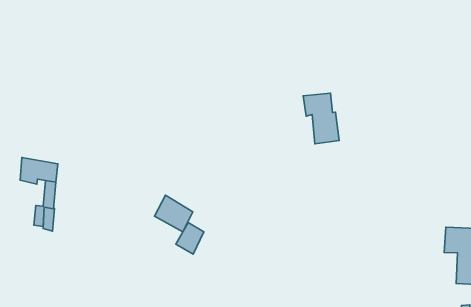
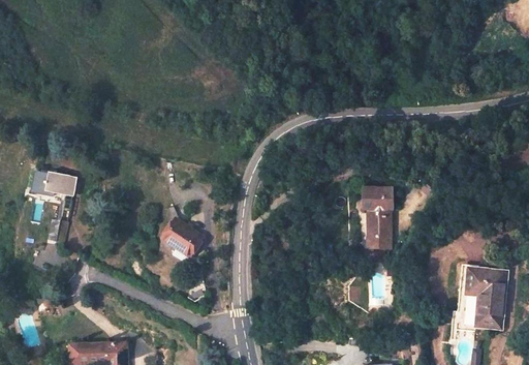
building: [303,93,339,144] -> [356,190,391,241]
building: [176,222,204,254] -> none

